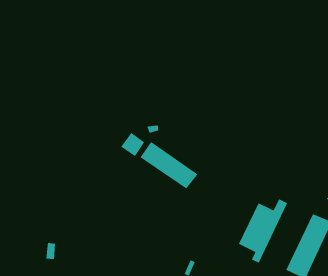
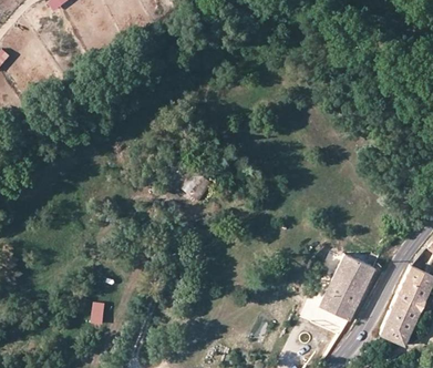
building: [140,141,198,190] -> none

